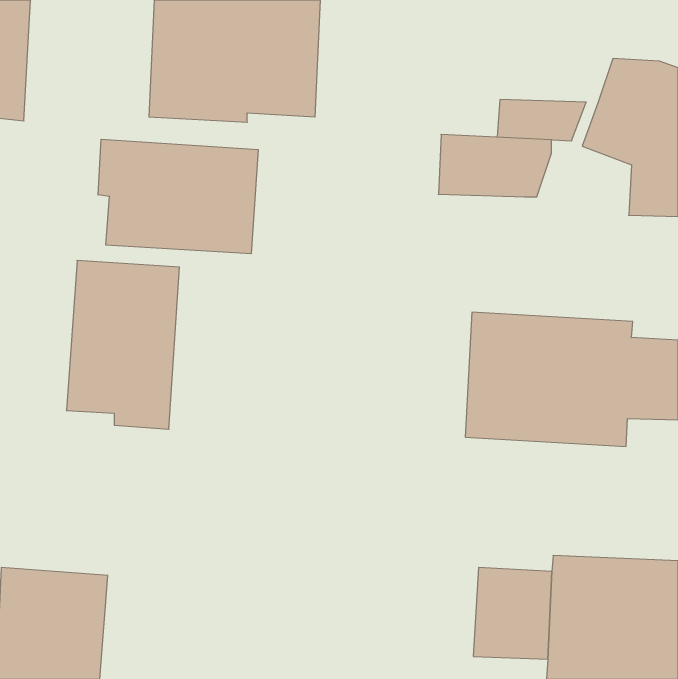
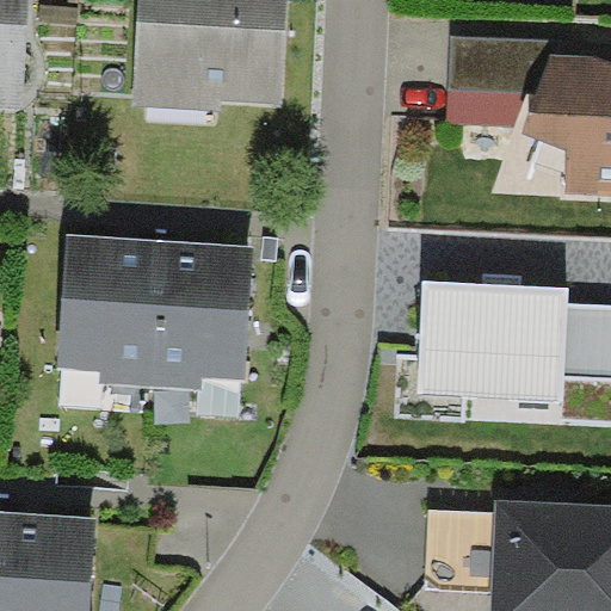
building: [438,134,551,197] -> [449,36,550,92]
building: [98,139,258,254] -> none
building: none -> [152,240,257,389]

